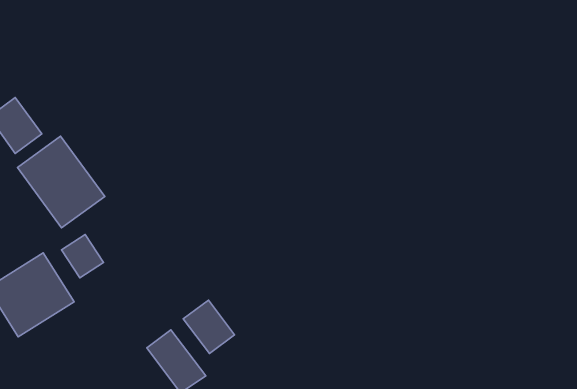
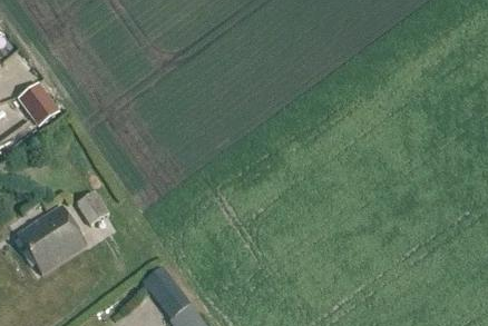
building: [17,136,105,228] -> none
building: [183,300,235,354] -> none

